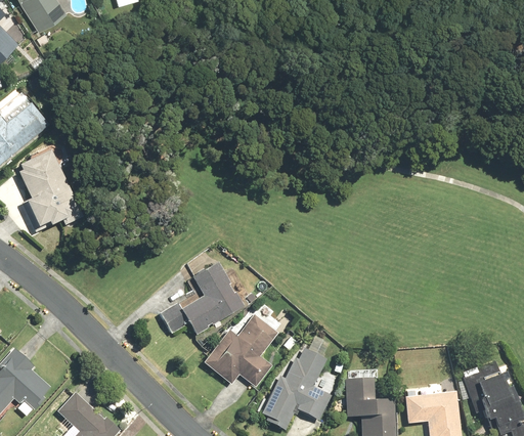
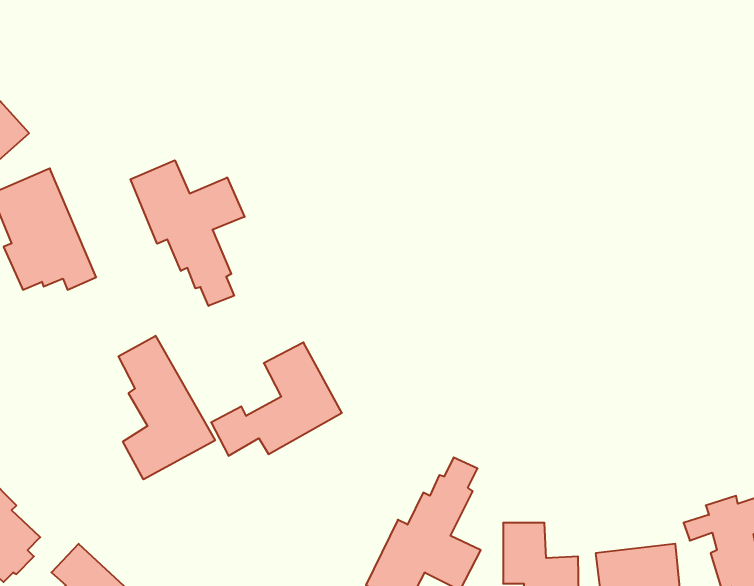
building: none -> [131,160,245,306]
building: none -> [118,336,215,479]
building: [205,316,277,386] -> none

